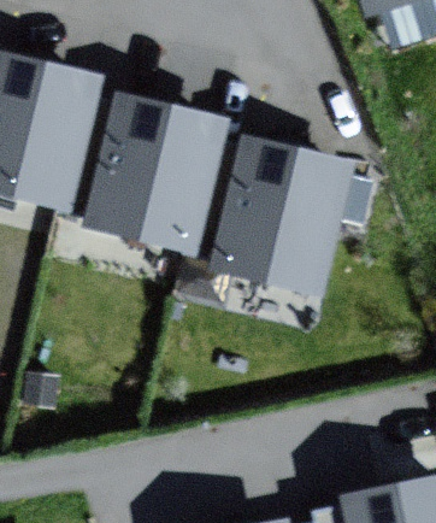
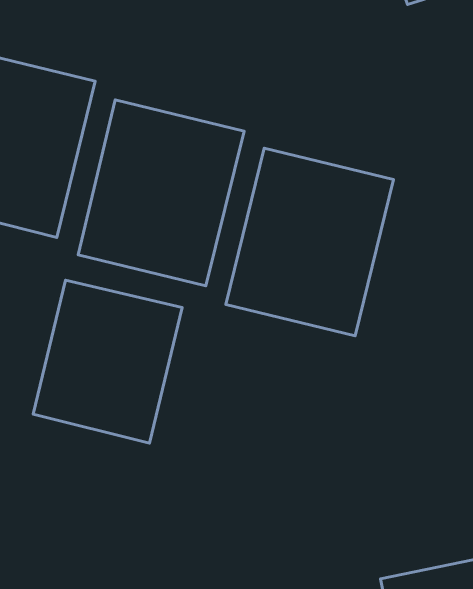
building: none -> [33,280,182,443]

